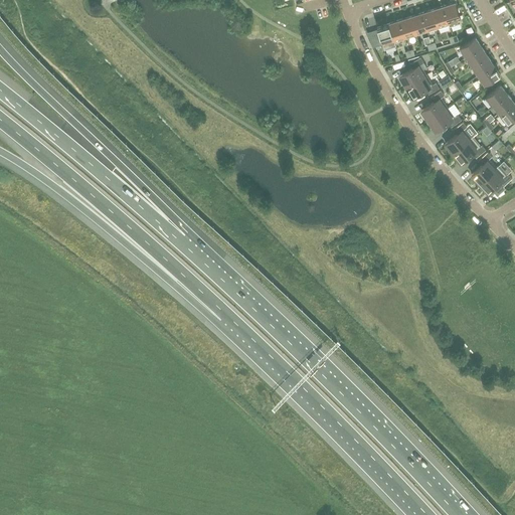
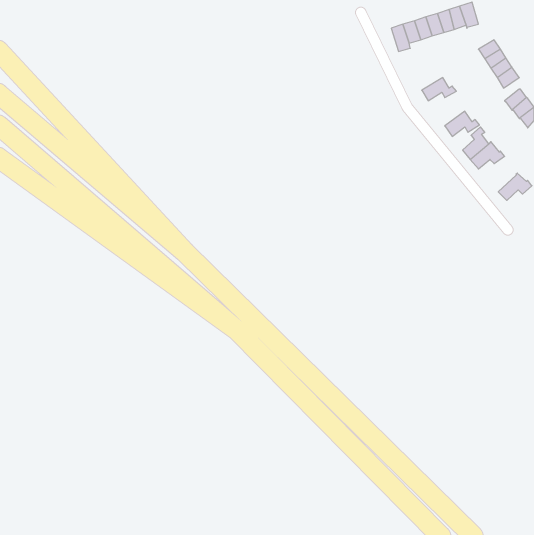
building: [398,57,424,88] -> none
building: [419,91,446,122] -> none
building: [470,153,495,185] -> none

